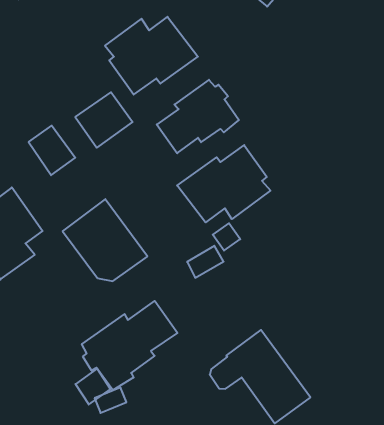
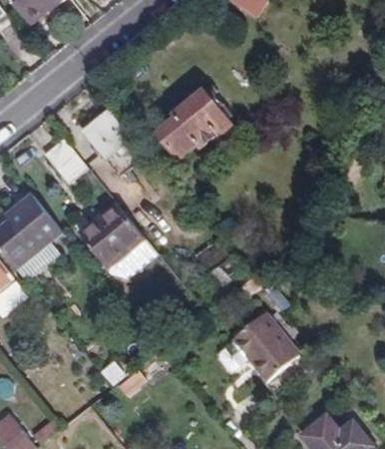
building: [105,17,198,95] -> none
building: [177,145,270,222] -> none
building: [82,301,177,390] -> none

